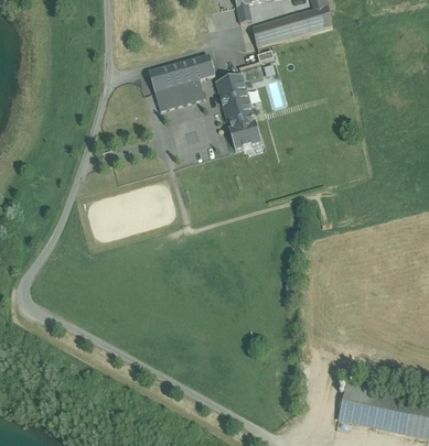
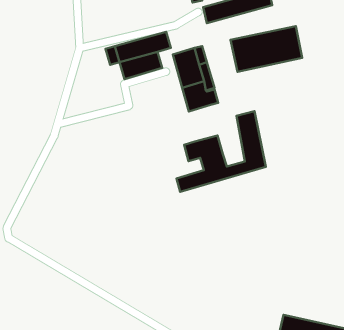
building: none -> [230,26,302,72]
building: none -> [177,111,266,192]

